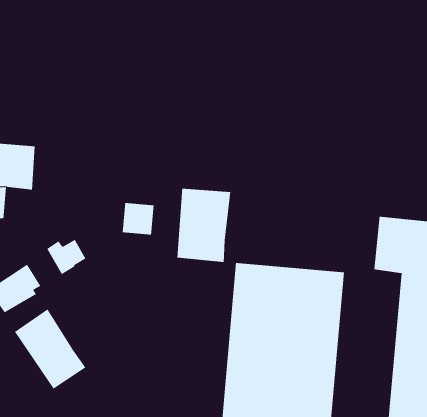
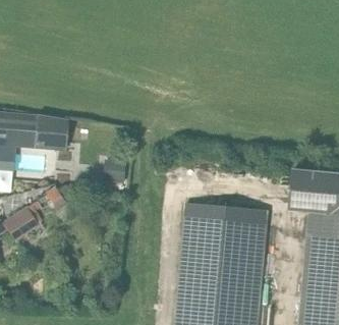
building: none -> [37,116,67,150]
building: [177,188,231,263] -> none
building: [14,309,86,389] -> none

